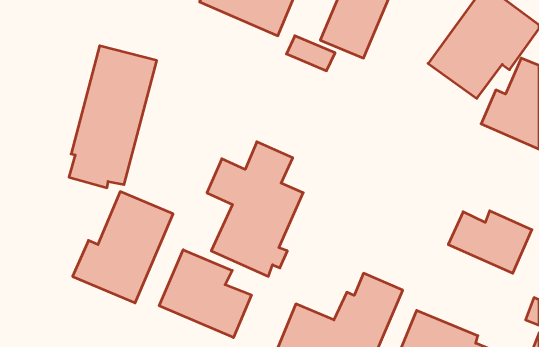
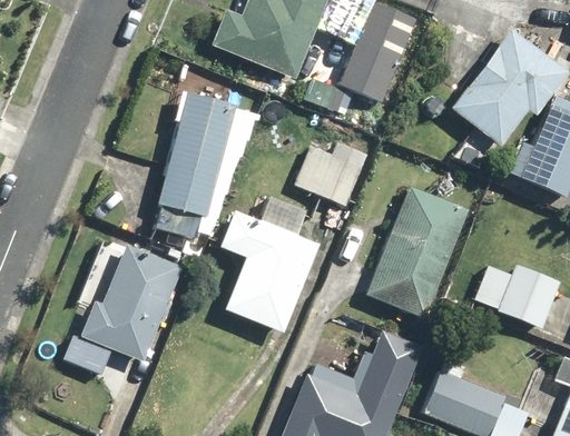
building: [69,46,157,188] -> [156,90,248,239]
building: none -> [293,138,366,207]
building: none -> [365,187,469,318]
building: [159,250,251,338] -> none

